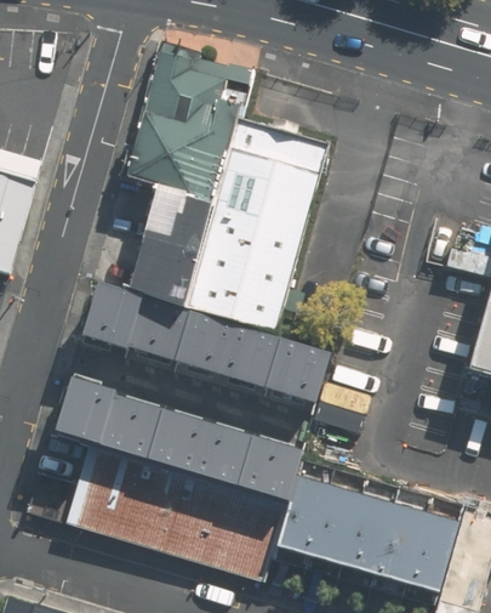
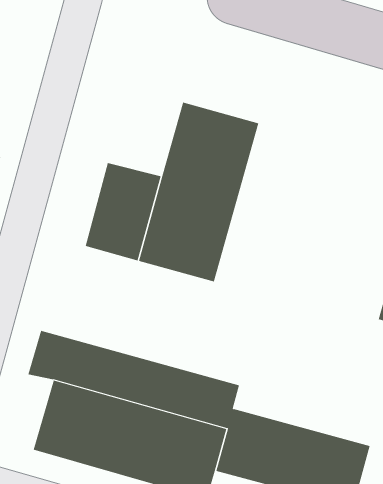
building: [130,49,255,209] -> none
building: [89,288,331,404] -> none

